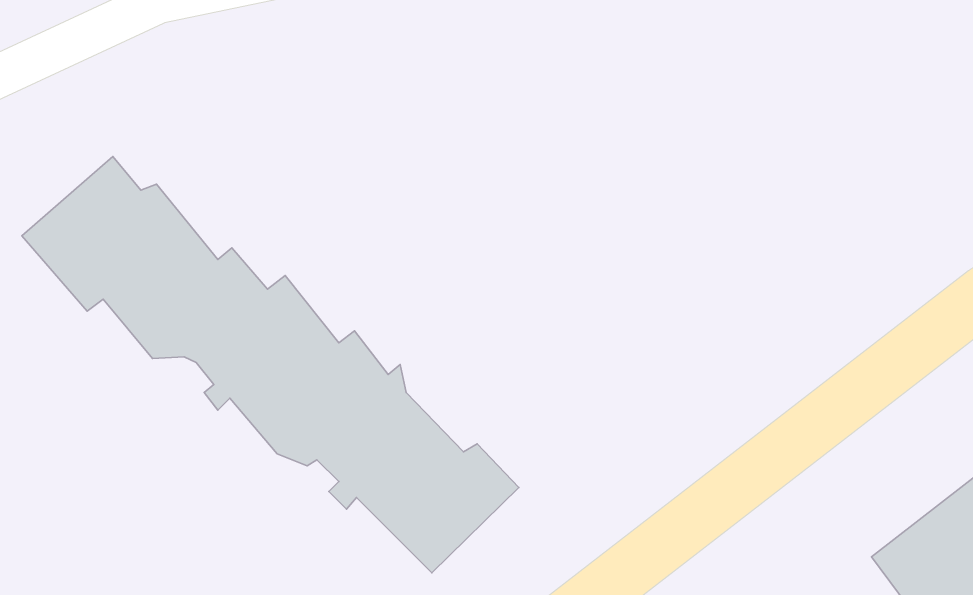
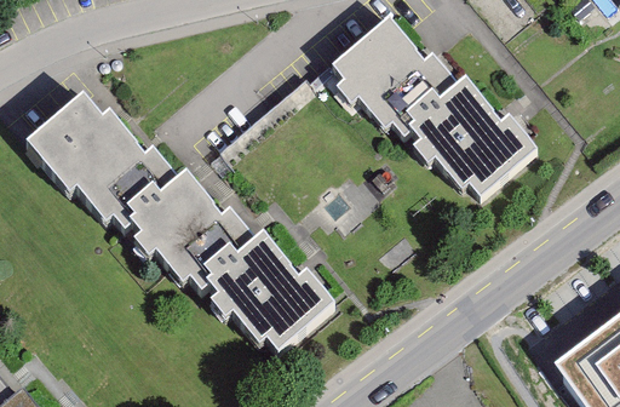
building: none -> [332,15,538,199]

